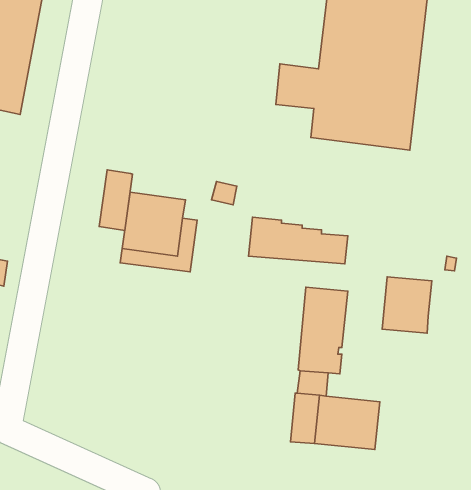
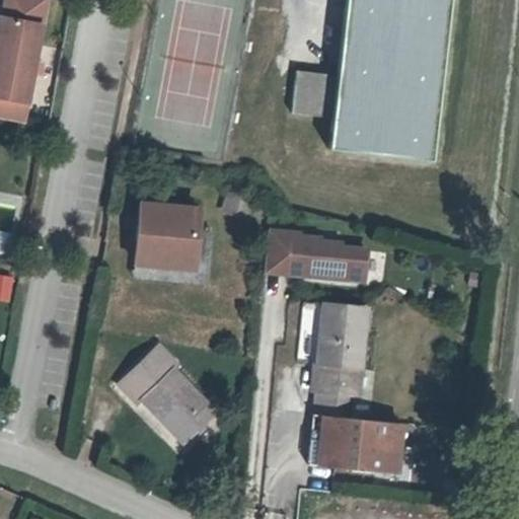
building: [99,170,133,230] -> none
building: [382,277,432,333] -> none
building: none -> [121,345,216,441]

